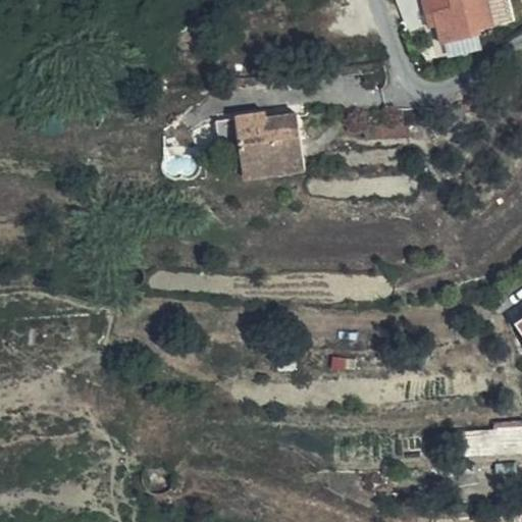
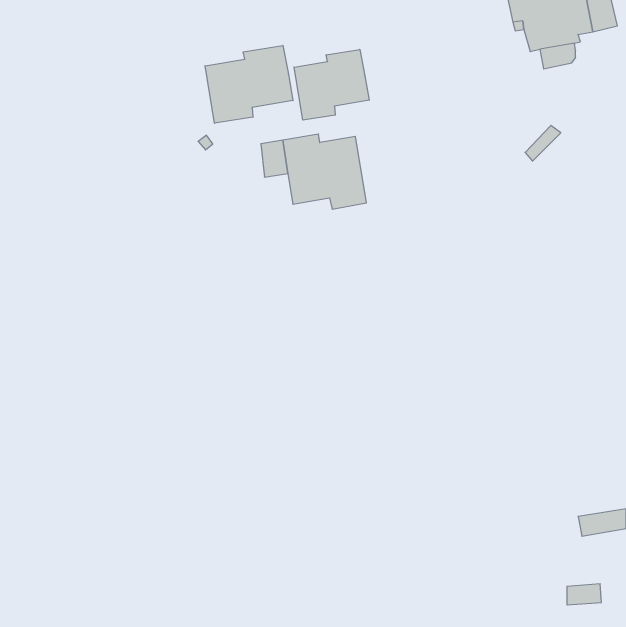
building: none -> [205,45,293,123]
building: none -> [294,49,369,120]

